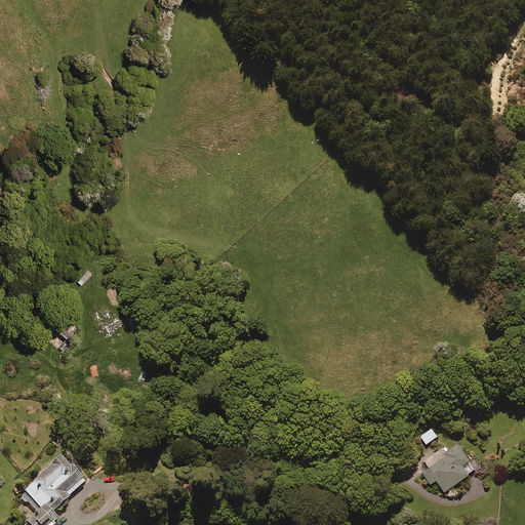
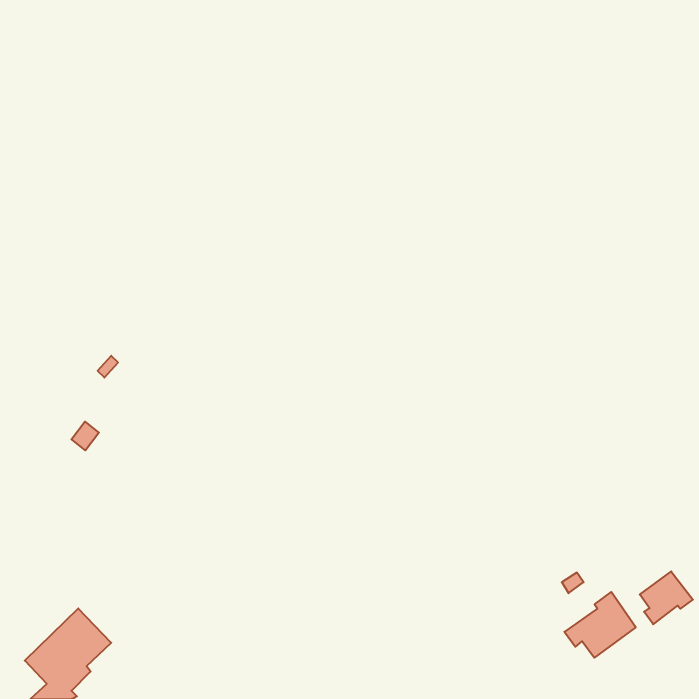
building: none -> [640,571,693,624]

